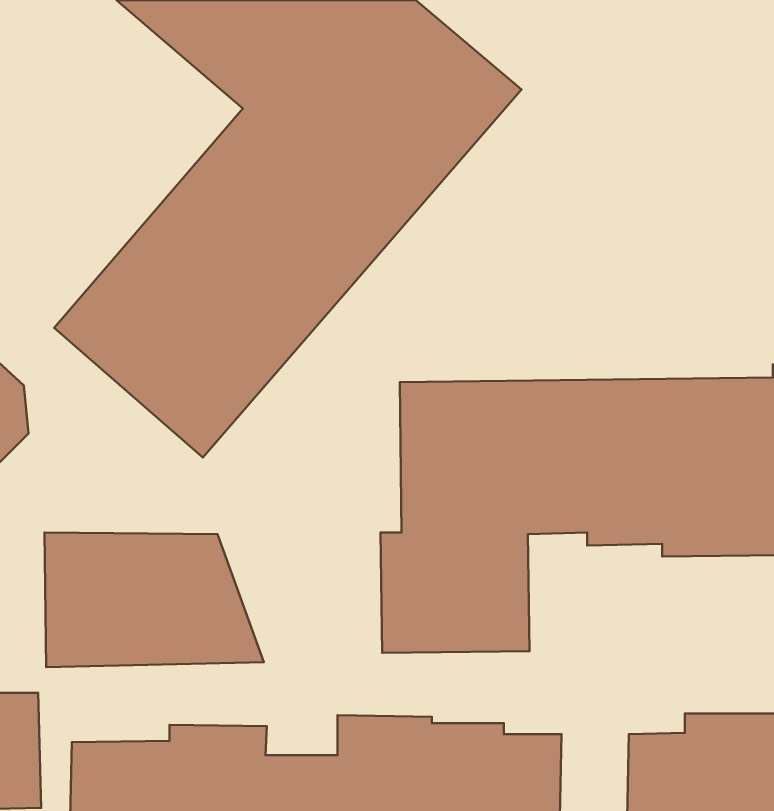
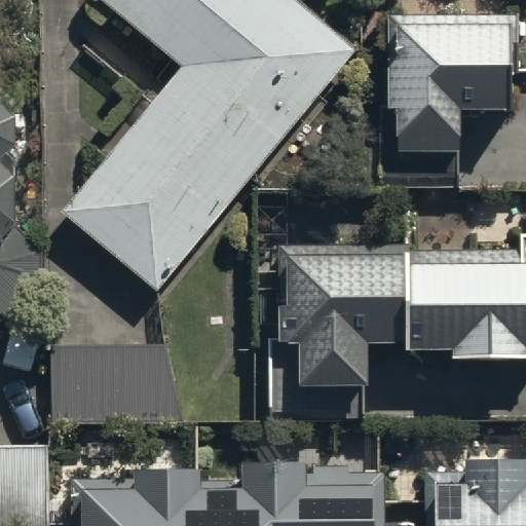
building: none -> [385,17,506,151]

